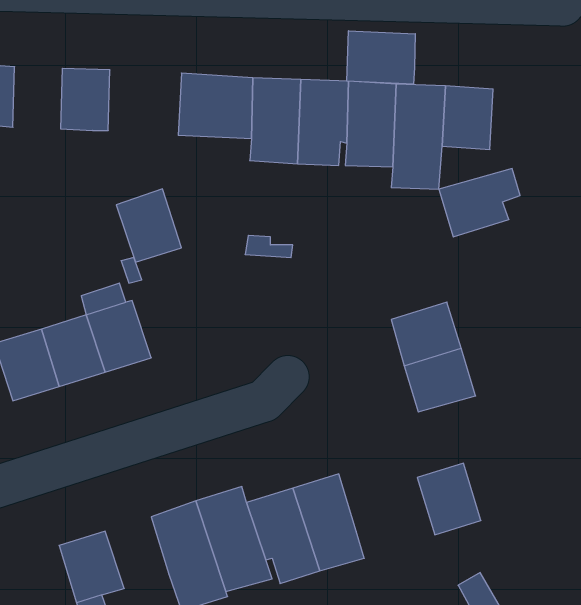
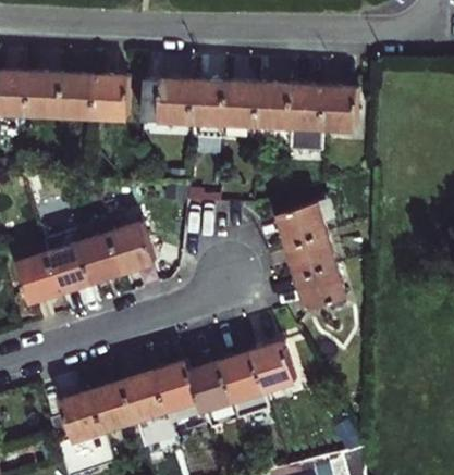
building: [347,31,415,84] -> none
building: none -> [27,73,61,115]
building: none -> [93,75,127,118]
building: [439,169,520,237] -> [277,199,332,246]
building: [116,189,181,262] -> [109,222,154,272]
building: [417,463,481,535] -> [250,341,294,390]
building: none -> [90,380,134,429]

